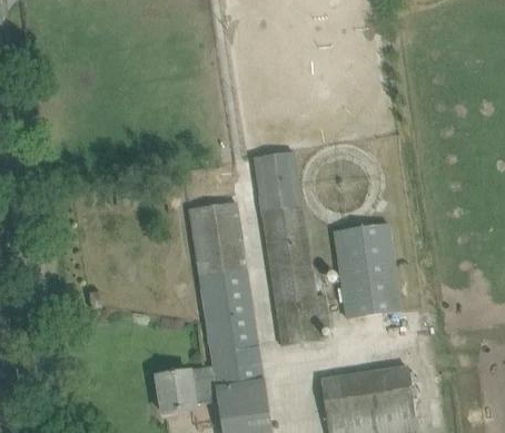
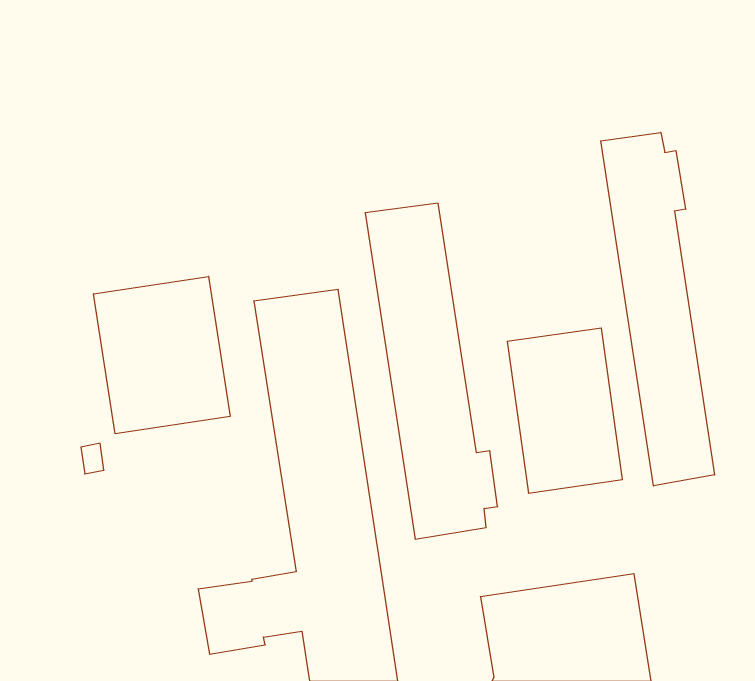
building: none -> [601,132,715,486]
building: none -> [94,276,230,434]

